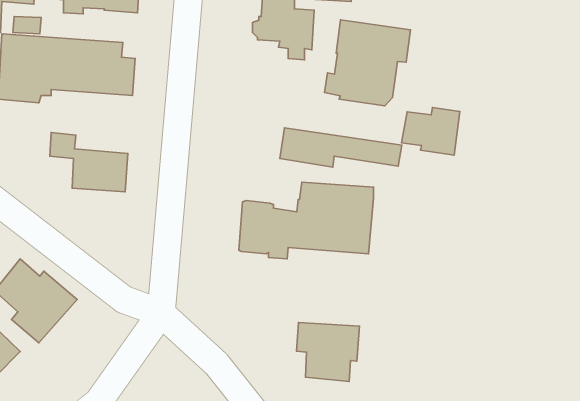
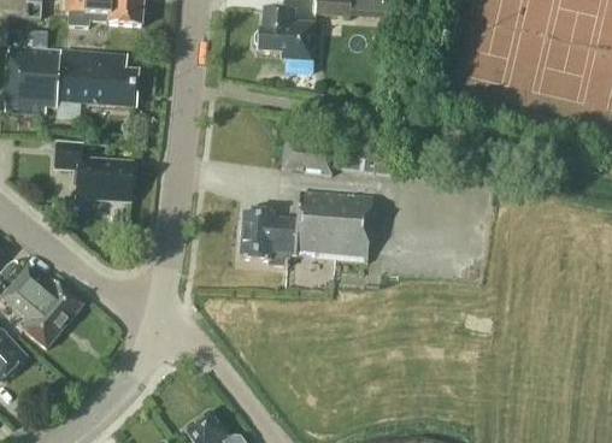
building: [325,20,410,106] -> none
building: [402,108,460,155] -> none
building: [296,323,360,381] -> none

